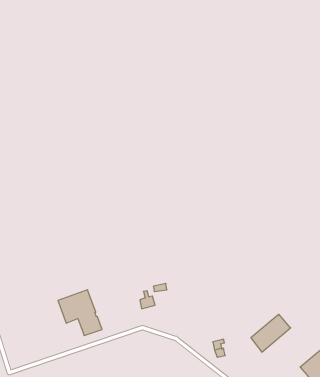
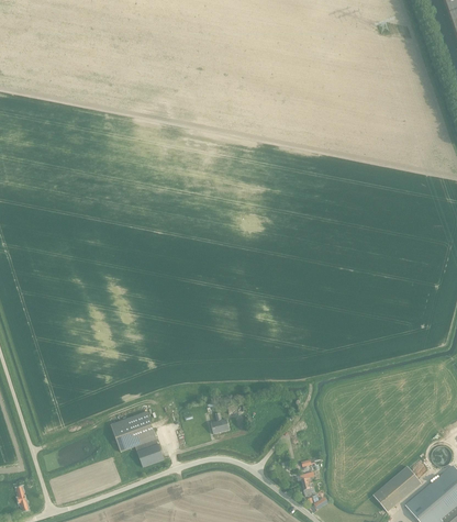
building: [251,314,291,352] -> [374,465,422,511]

